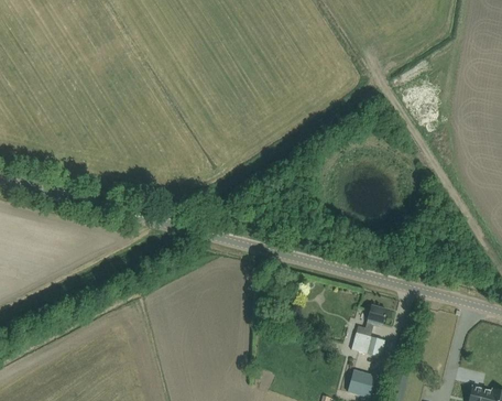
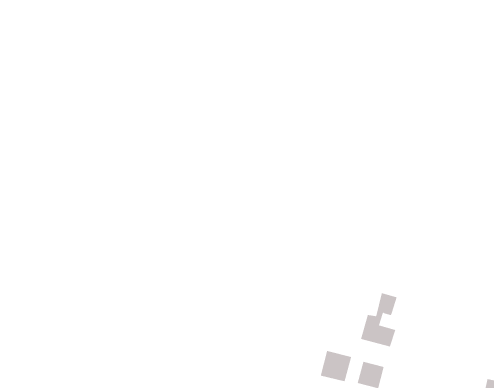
building: none -> [320,350,352,383]

